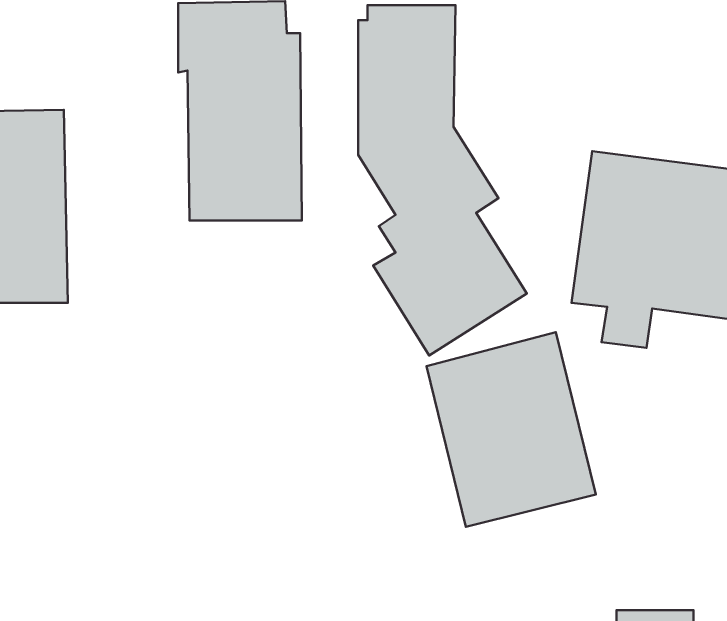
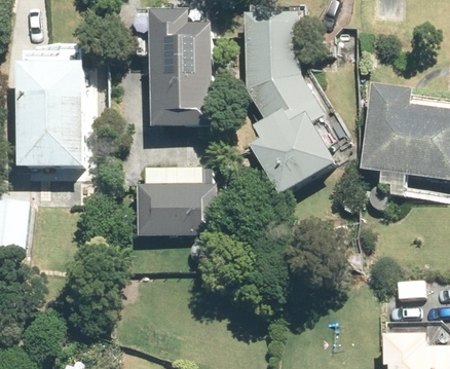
building: none -> [132,163,217,232]
building: [426,332,596,527] -> none

